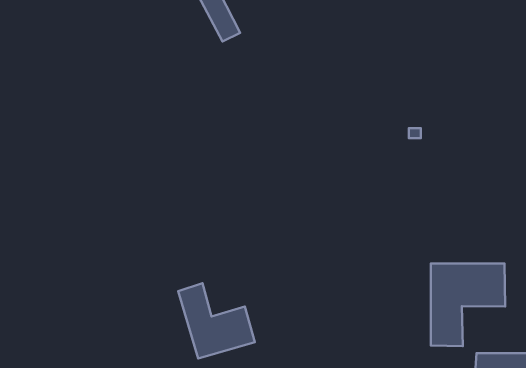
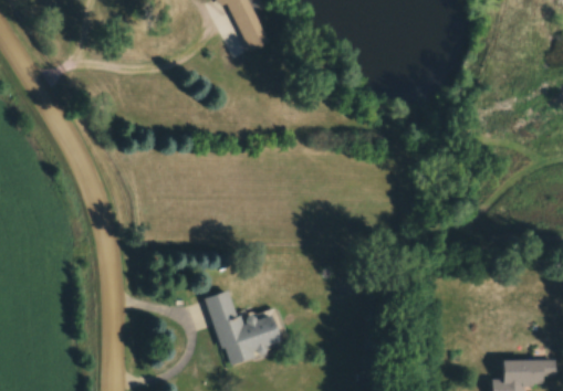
building: [431,264,505,346] -> none

